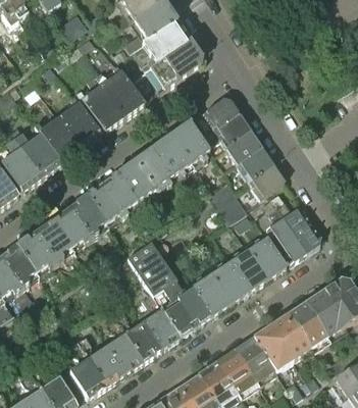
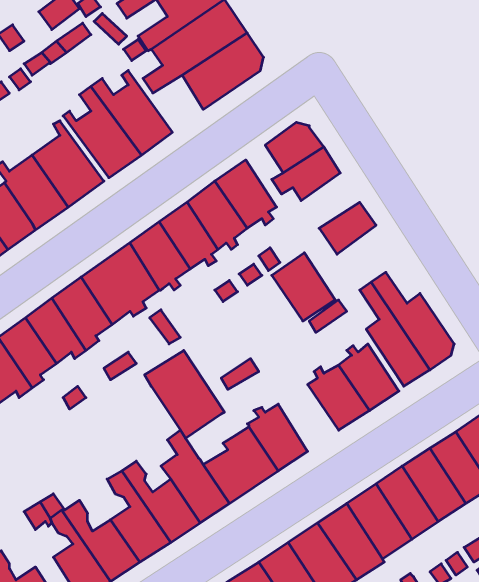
building: [217,130,261,172] -> none
building: [247,162,284,198] -> none
building: [210,262,248,304] -> none
building: [152,280,184,312] -> none

